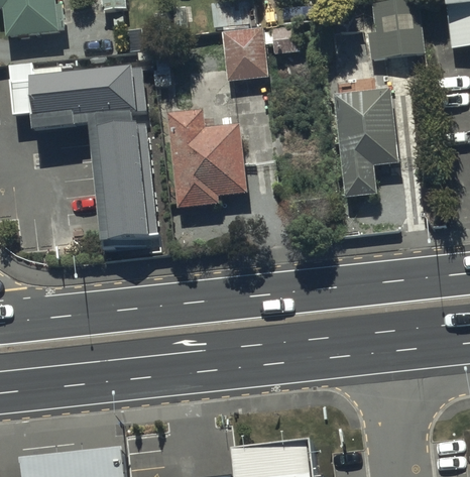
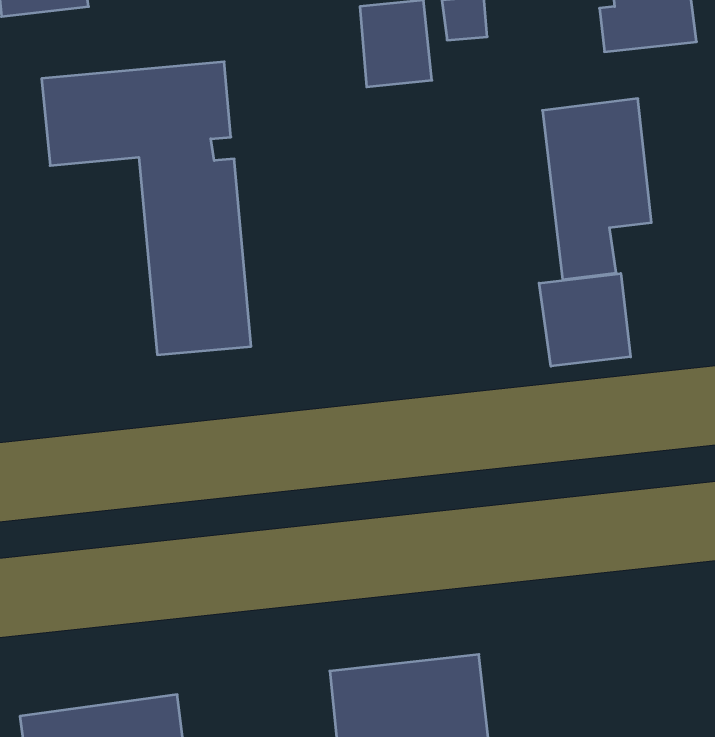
building: [167,110,247,208] -> none
building: none -> [539,273,631,366]

